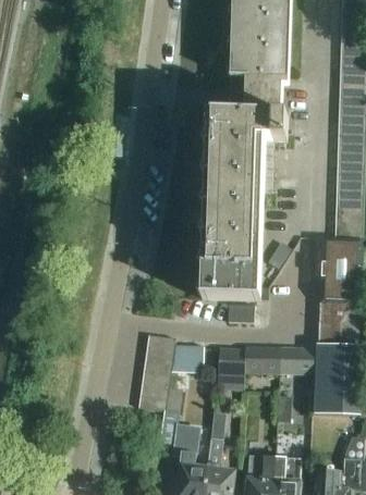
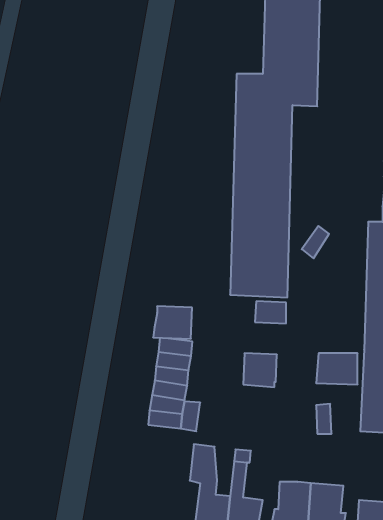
building: [171,345,204,372] -> [153,306,192,339]
building: [245,347,281,373] -> none

